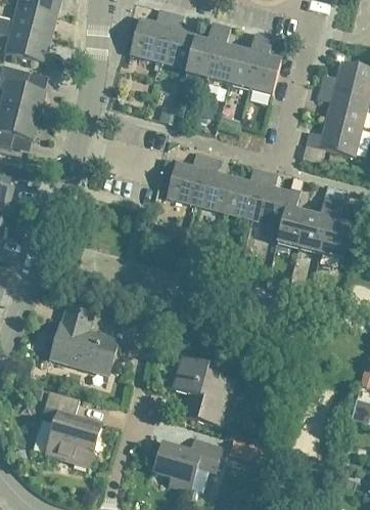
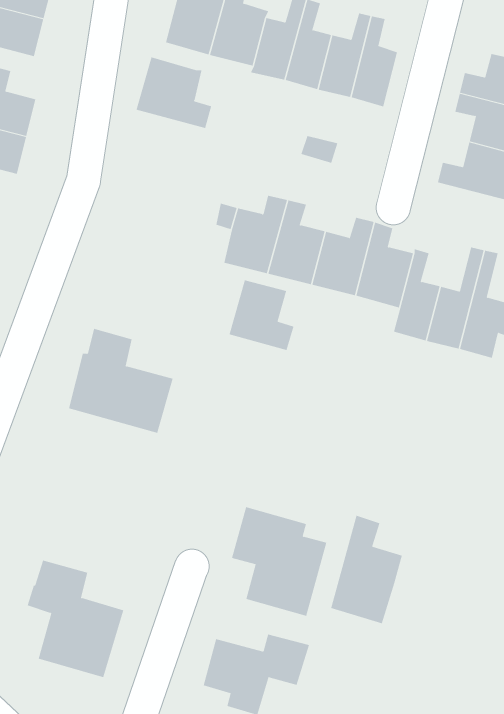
building: none -> [136,57,212,129]
building: none -> [229,280,294,351]
building: [50,306,119,375] -> [68,328,174,434]
building: none -> [330,515,402,624]

